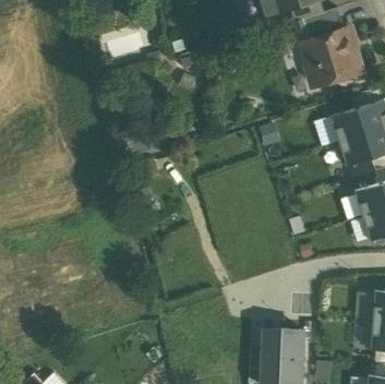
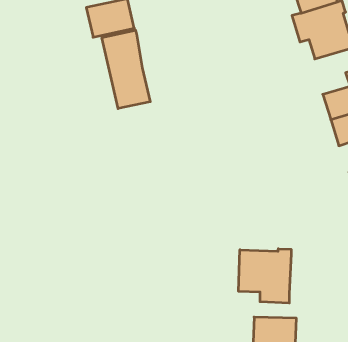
building: none -> [102,30,150,109]
building: none -> [239,249,291,303]

